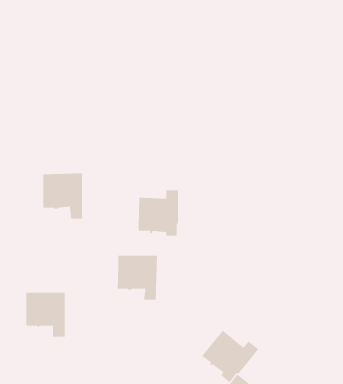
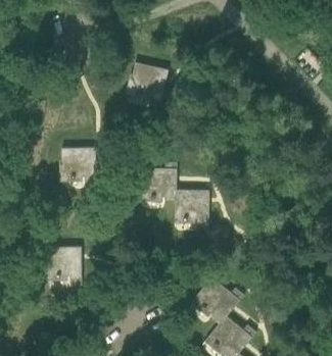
building: none -> [128,63,169,108]
building: [116,255,158,300] -> [175,191,209,228]

